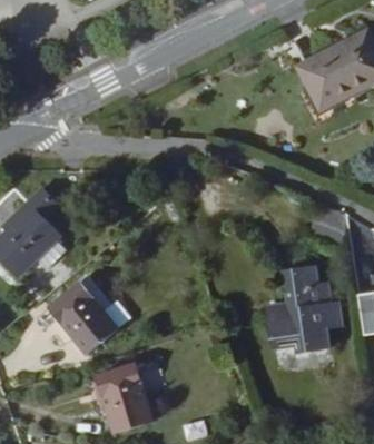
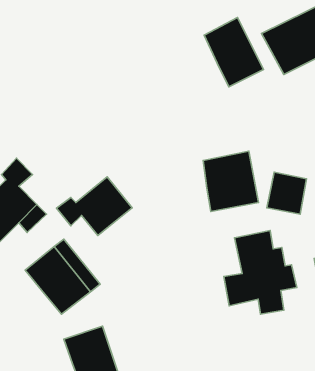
building: none -> [204,18,264,87]
building: none -> [203,151,258,211]
building: none -> [57,177,132,236]

